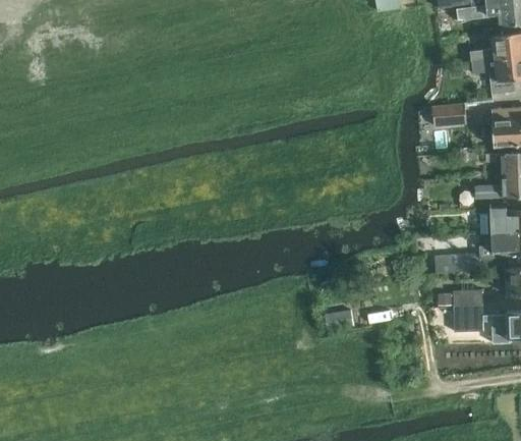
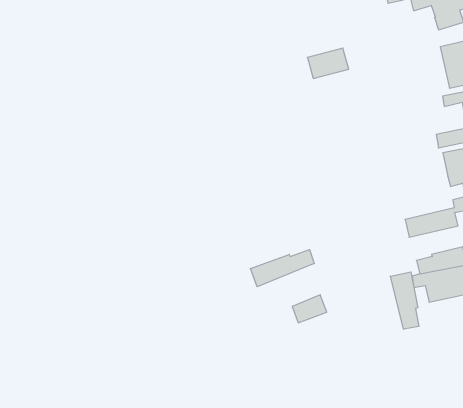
building: [433,103,468,125] -> [307,48,349,78]
building: none -> [250,250,314,287]
building: none -> [390,272,419,329]

